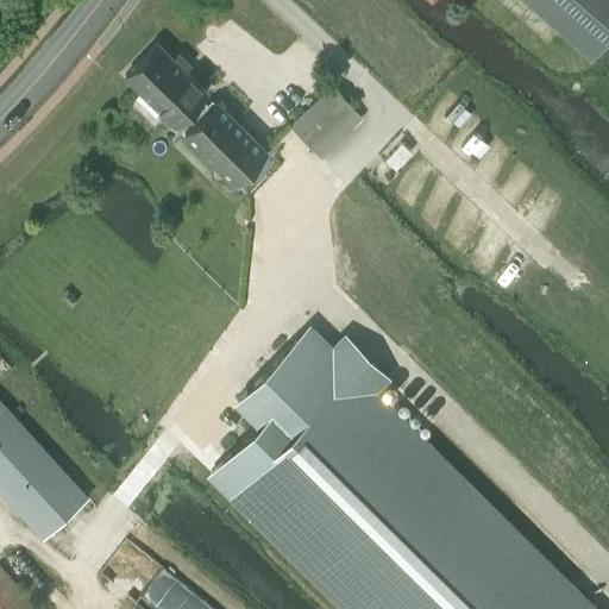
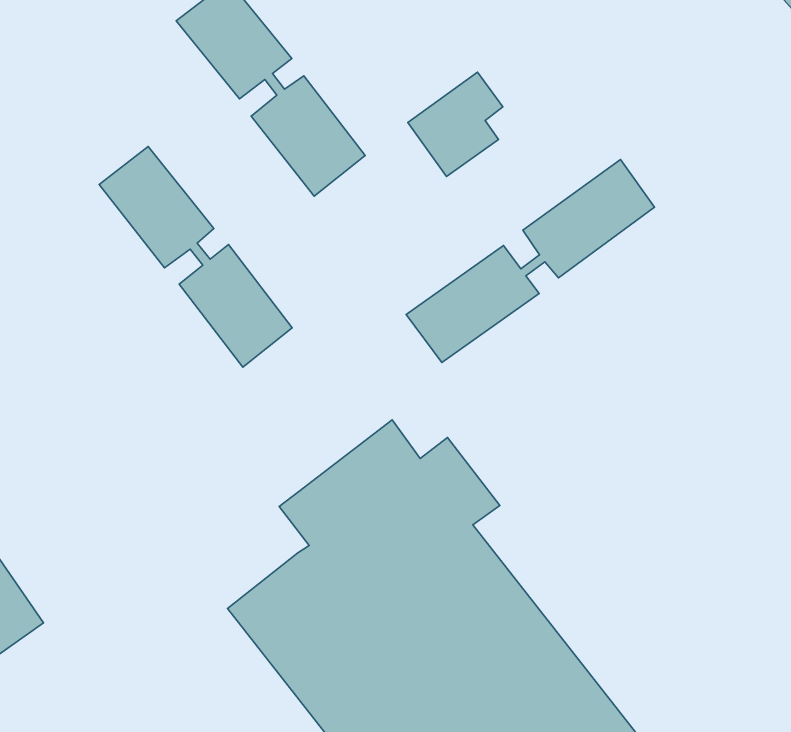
building: none -> [406,159,654,362]
building: none -> [99,147,292,367]

